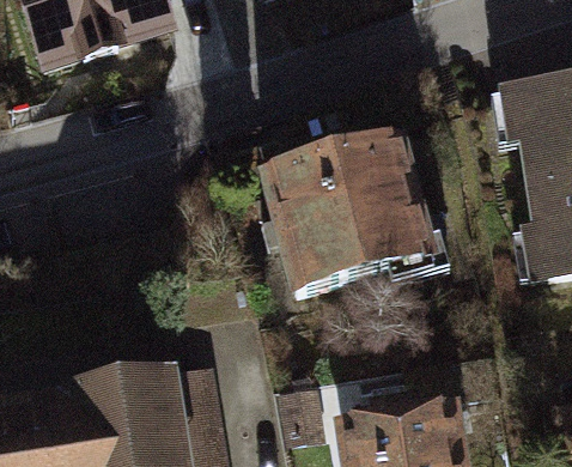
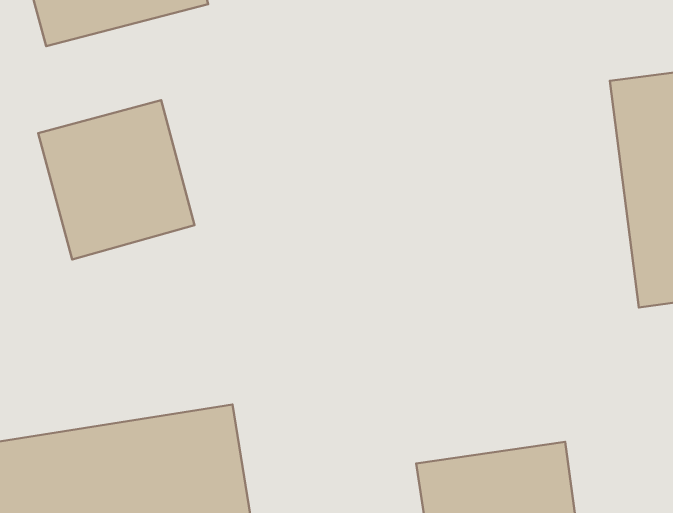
building: none -> [38,100,194,259]
building: [280,147,445,296] -> none

